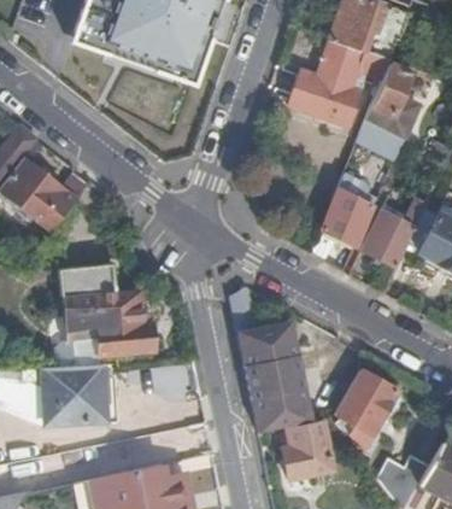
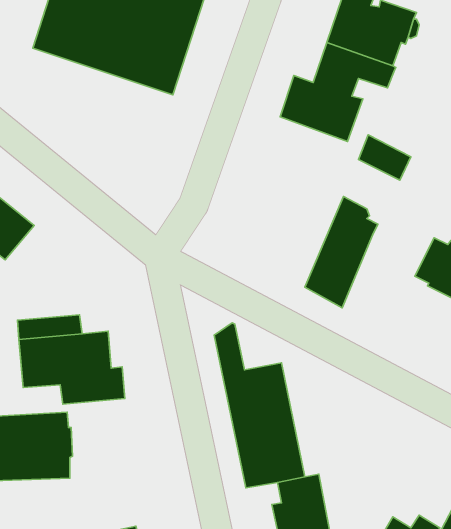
building: [368,63,419,139] -> none
building: [365,198,429,265] -> none
building: [335,368,399,447] -> none

